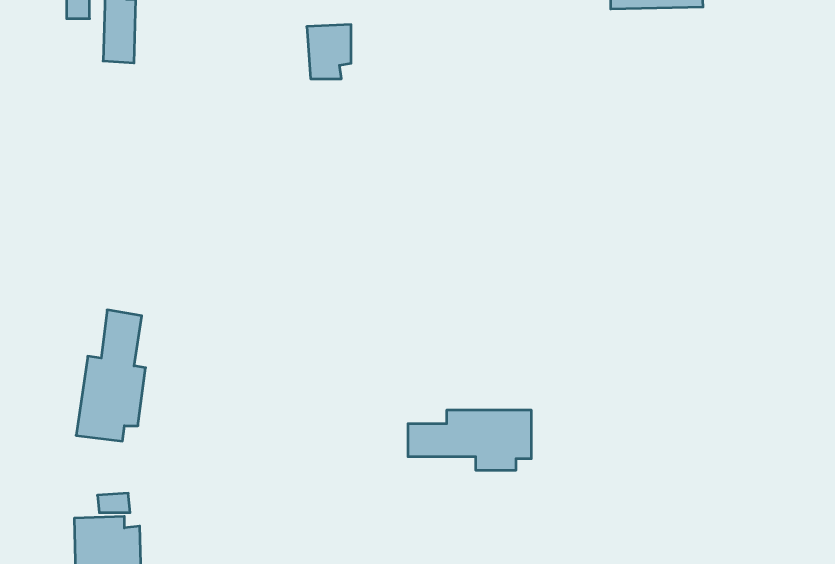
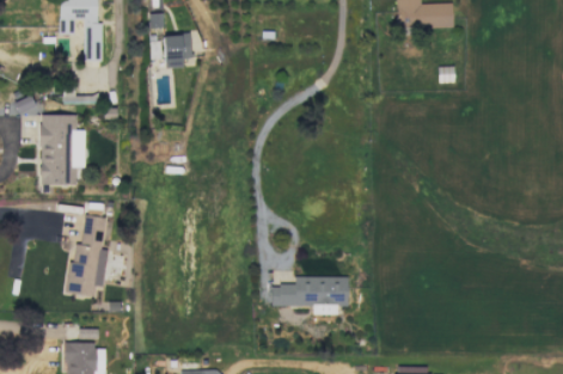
building: [307,25,351,79] -> [164,33,191,67]
building: none -> [39,115,85,184]

